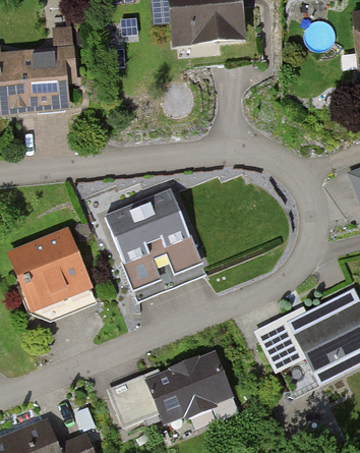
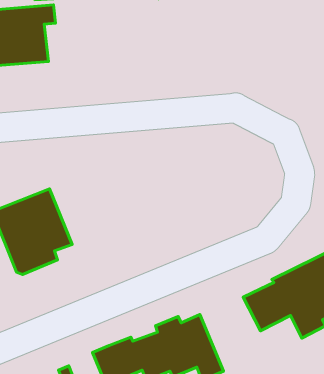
building: [106,189,201,290] -> none

